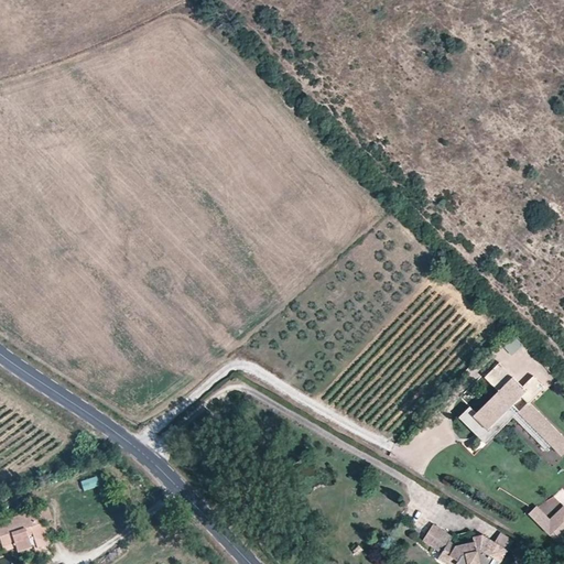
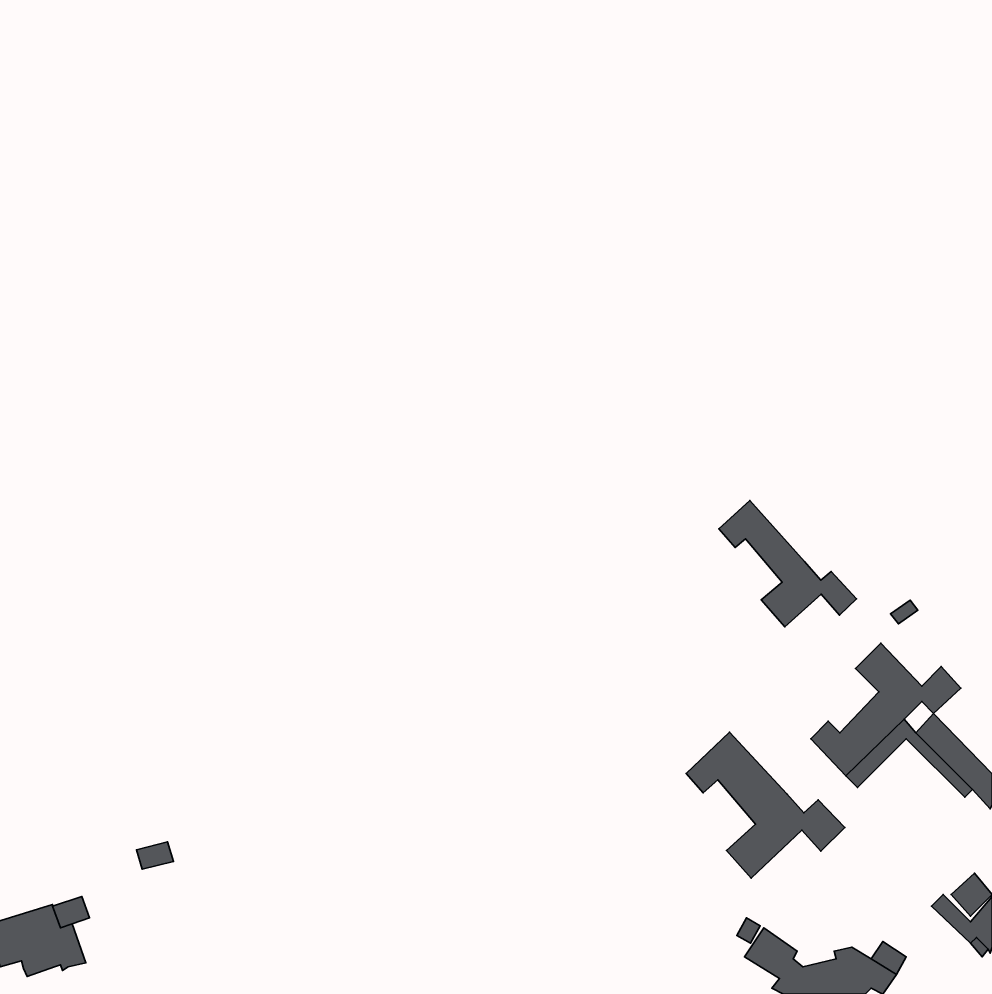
building: none -> [719,501,857,627]
building: none -> [686,732,845,878]

